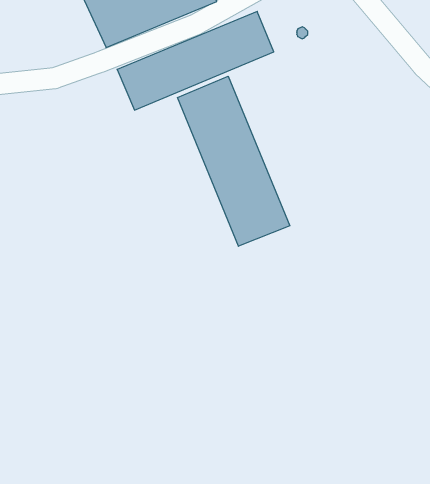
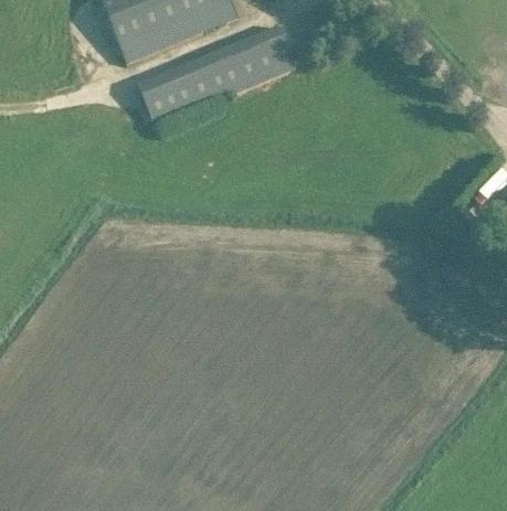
building: [177,76,290,246] -> none

